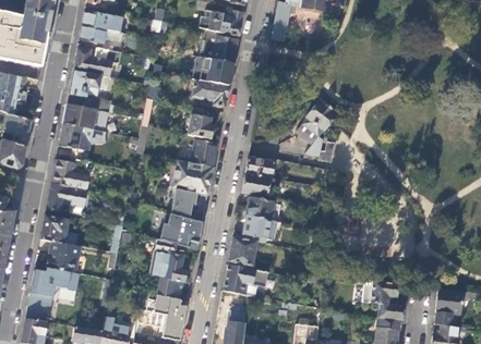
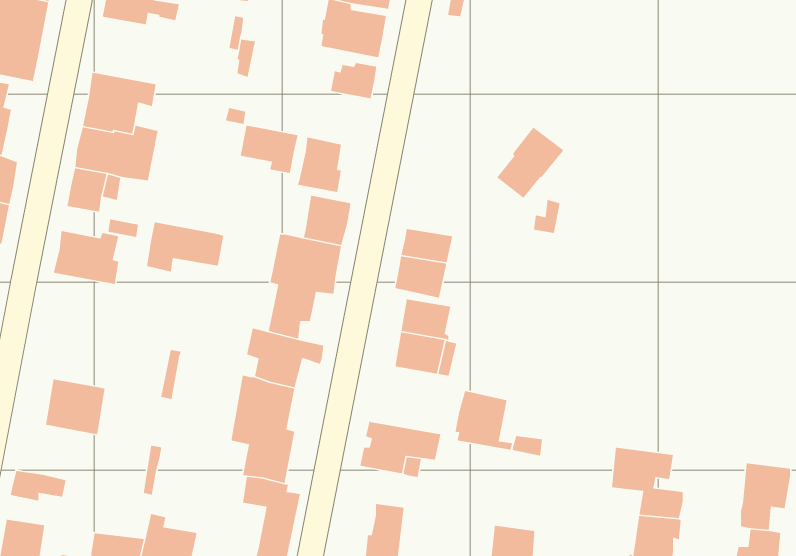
building: [72,47,111,77] -> none
building: [195,81,228,108] -> [240,125,298,174]
building: [46,183,89,211] -> [146,222,224,272]
building: [39,216,76,246] -> none
building: [227,237,260,271] -> [455,390,513,451]
building: [29,270,61,298] -> none

